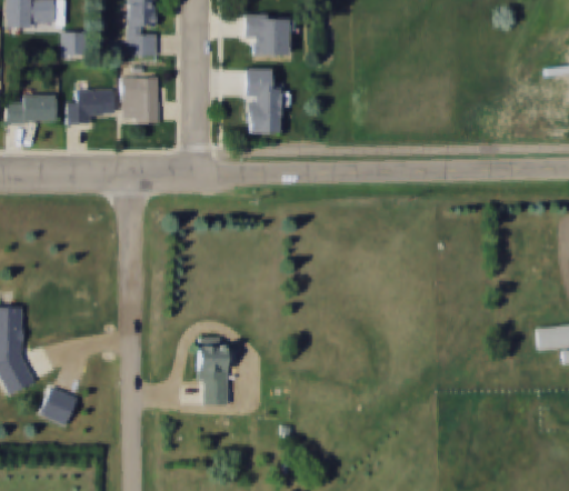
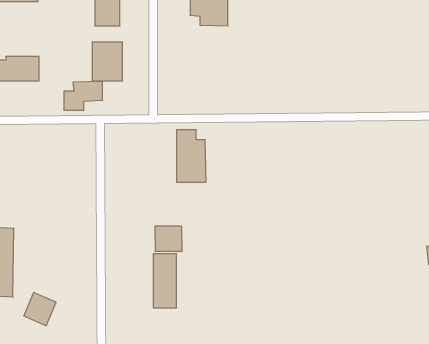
building: [61,31,86,57] -> none
building: [244,69,281,133] -> [176,130,206,182]
building: [67,89,114,124] -> [64,81,103,110]
building: none -> [155,226,182,252]

